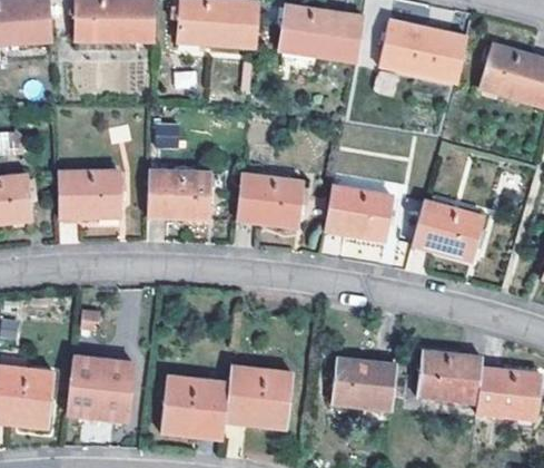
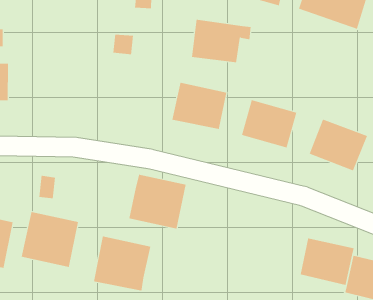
building: [58,167,120,217] -> none
building: [150,168,221,217] -> [191,19,251,63]
building: [330,357,396,410] -> none
building: [224,364,291,428] -> [128,174,186,229]

